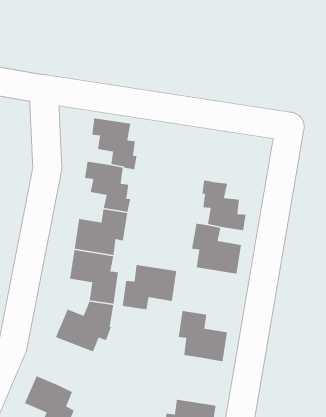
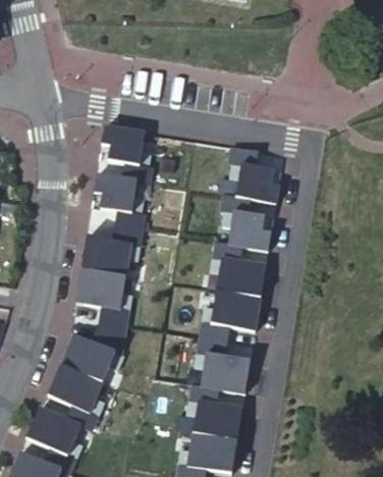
building: none -> [227,148,276,204]
building: [122,264,177,310] -> [199,290,259,340]
building: none -> [49,366,104,430]
building: none -> [187,383,241,439]

